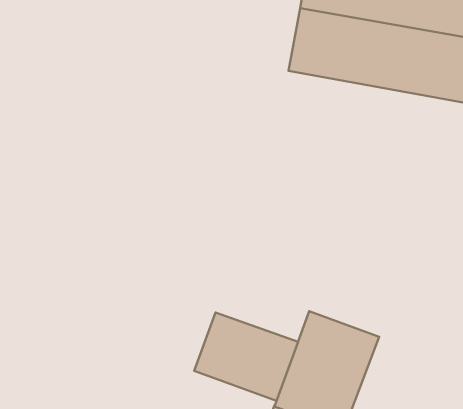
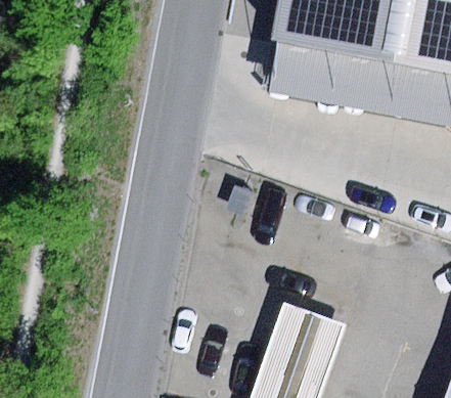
building: [194,312,298,401] -> none

